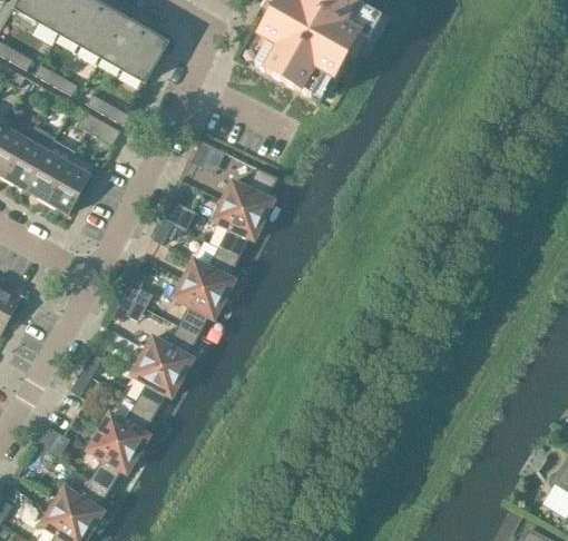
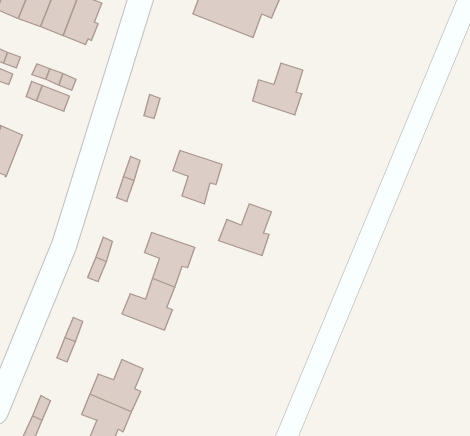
building: [47,163,91,214] -> none
building: [224,167,278,220] -> [253,63,303,115]
building: [184,246,241,299] -> [219,204,271,256]
building: [133,355,183,413] -> none

